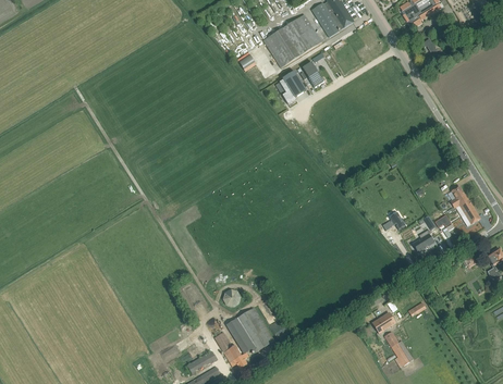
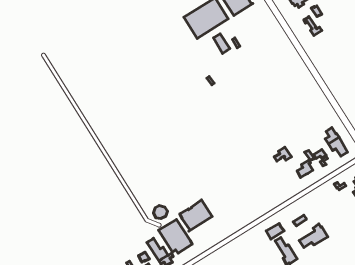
building: [279,70,306,103] -> none
building: none -> [180,200,212,231]
building: none -> [299,224,328,248]

